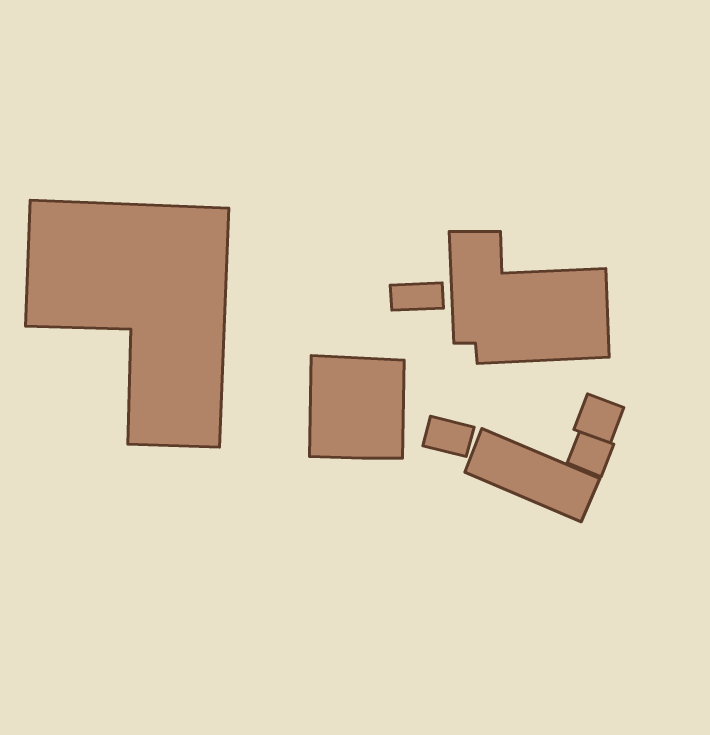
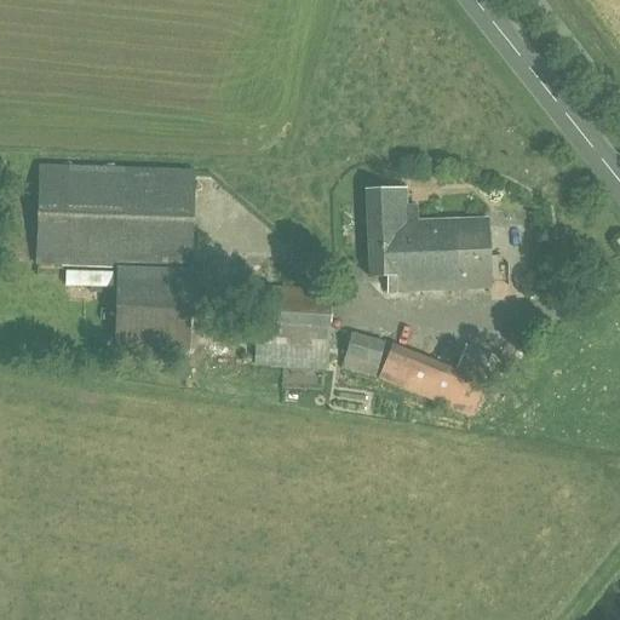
building: [390,283,444,310] -> none
building: [574,394,624,443] -> none

